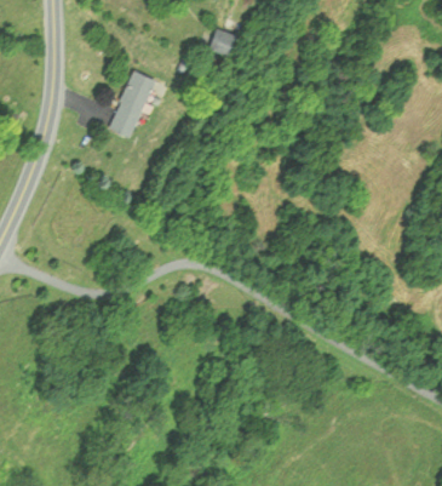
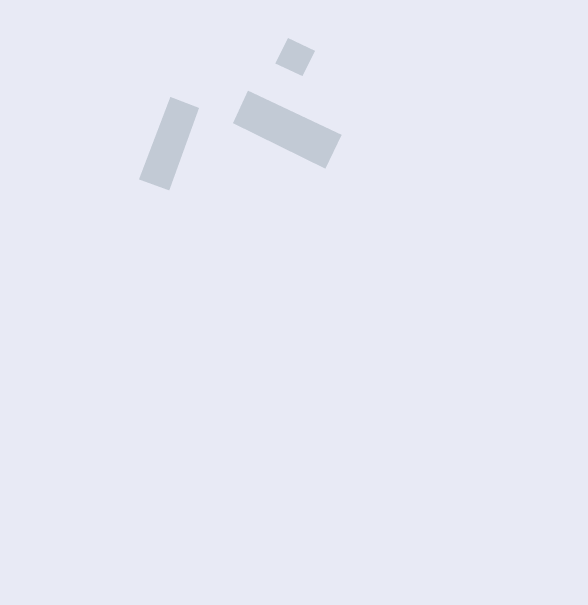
building: none -> [232,90,343,170]

